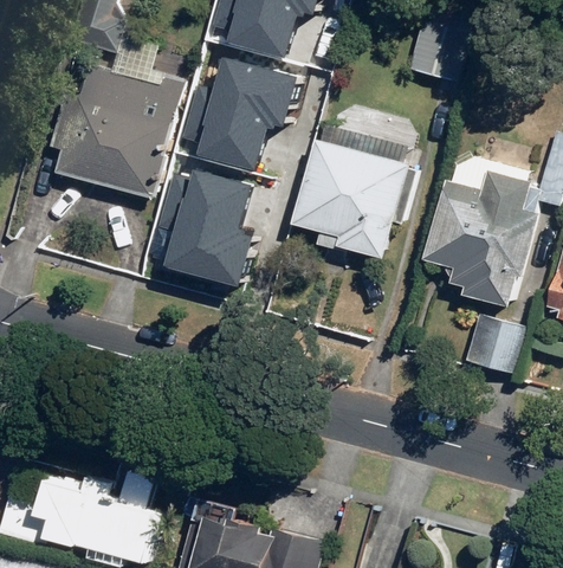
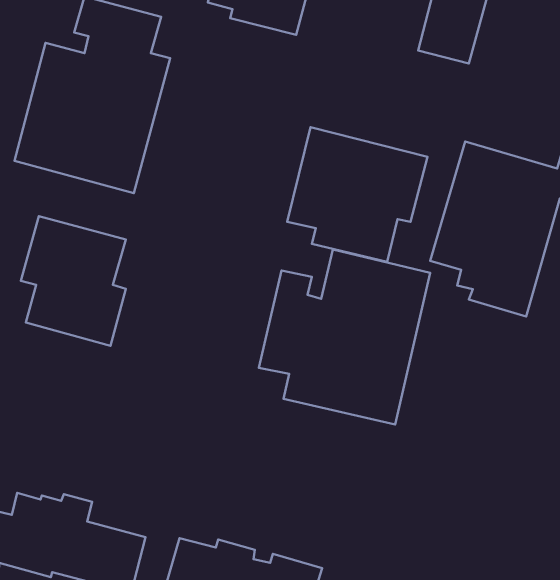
building: [187,58,304,168] -> none
building: [166,168,261,286] -> [21,216,126,346]
building: none -> [259,250,430,425]
building: [465,314,524,375] -> none

